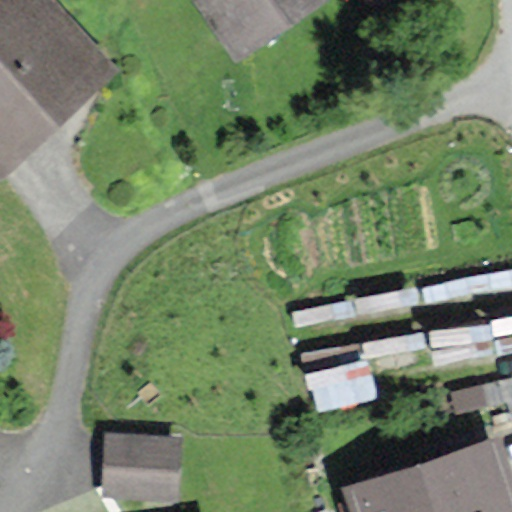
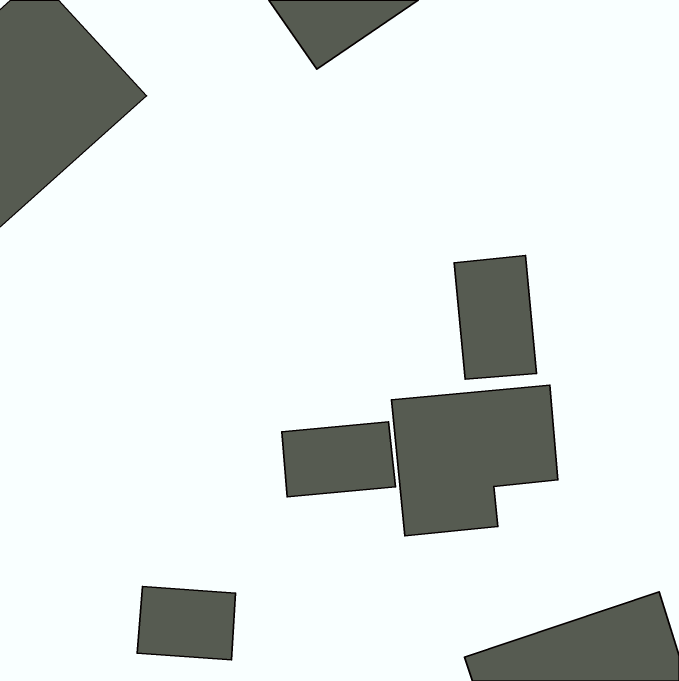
building: none -> [454,255,536,379]
building: none -> [282,422,395,497]

